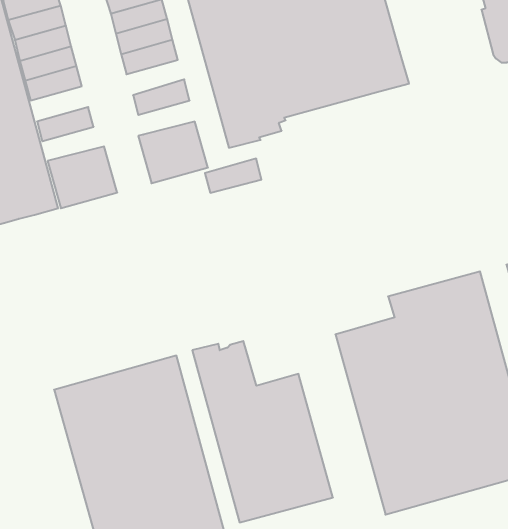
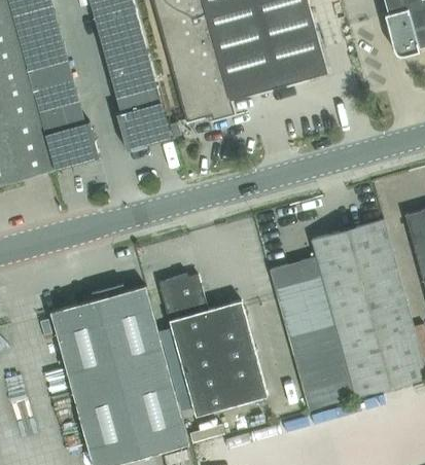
building: none -> [107,55,152,82]
building: none -> [32,75,77,103]
building: none -> [41,107,85,134]
building: [205,159,261,193] -> [116,86,161,113]

